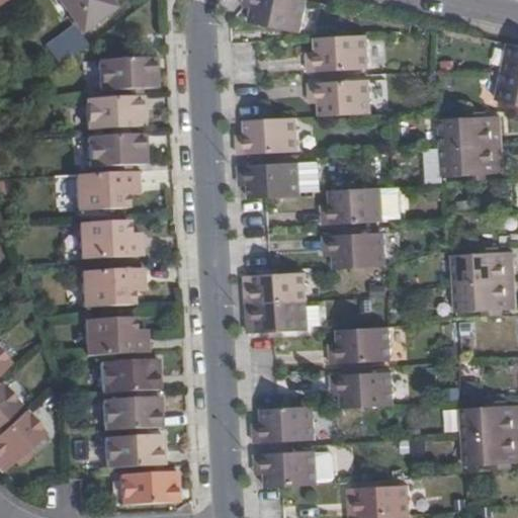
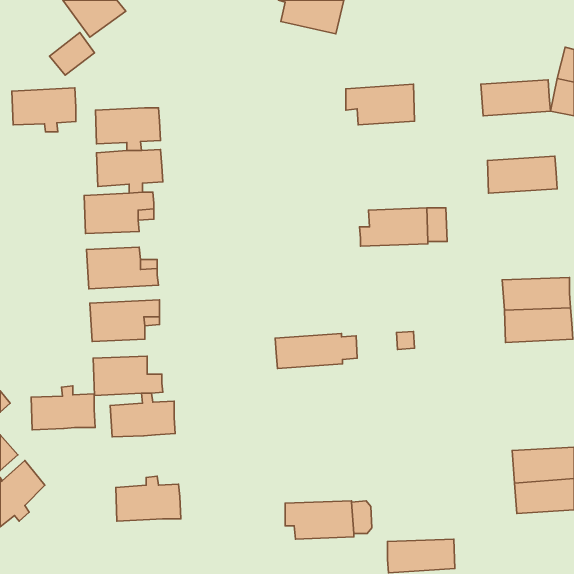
building: [311,32,370,67] -> none
building: [100,58,158,97] -> [12,88,76,132]
building: [437,112,500,145] -> [481,80,550,116]
building: [239,114,300,151] -> none
building: [240,161,303,196] -> none
building: [326,231,387,266] -> none
building: [247,271,308,305] -> none
building: [332,326,394,358] -> none
building: [334,374,396,407] -> none
building: [102,392,160,431] -> [31,386,95,430]
building: [255,405,316,441] -> none
building: [118,467,178,506] -> none

